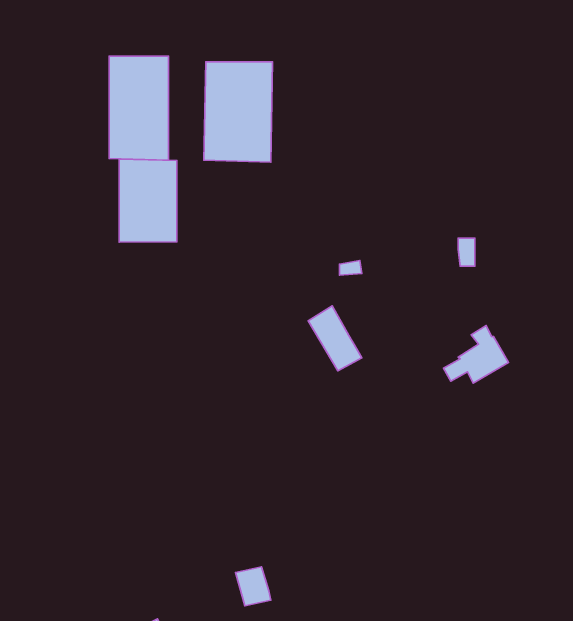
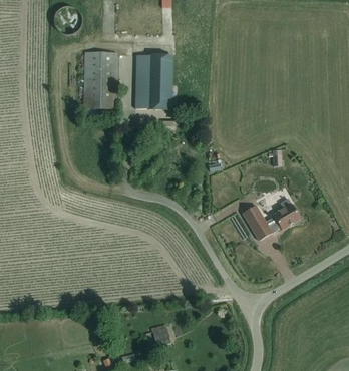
building: [119,159,177,242] -> none
building: [308,306,362,371] -> [243,206,272,241]

